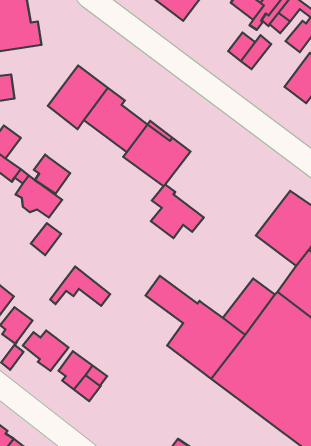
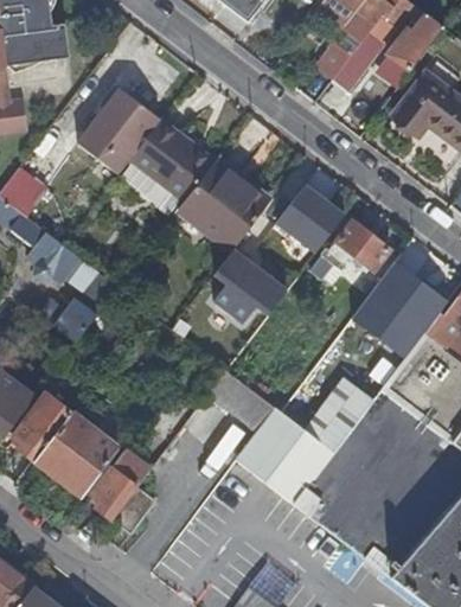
building: none -> [275,190,344,253]
building: [34,155,70,194] -> none
building: none -> [316,221,390,277]
building: [50,267,110,306] -> [38,410,117,462]

